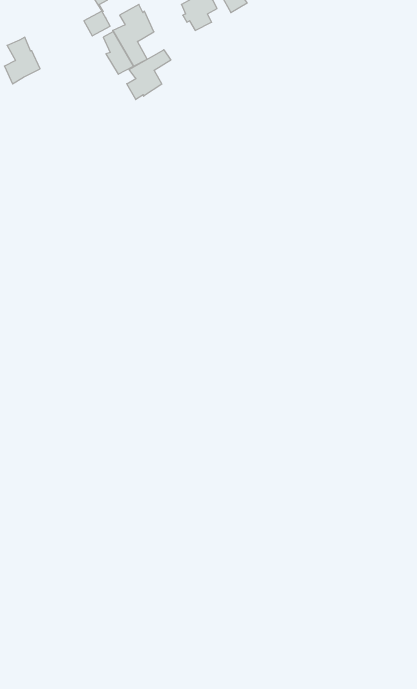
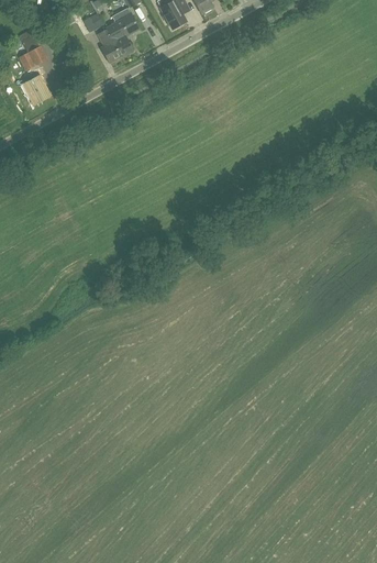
building: [127,50,171,100] -> none
building: none -> [23,73,53,103]

